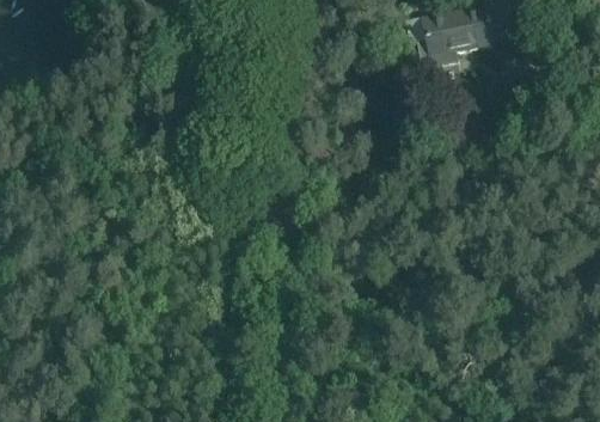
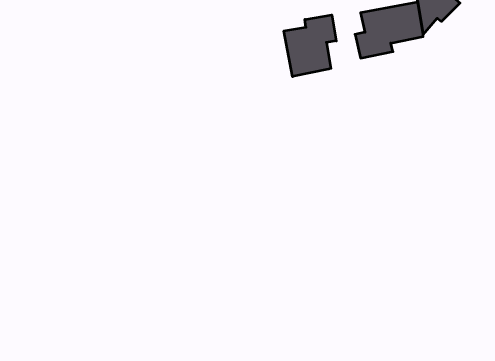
building: none -> [284,15,336,77]

